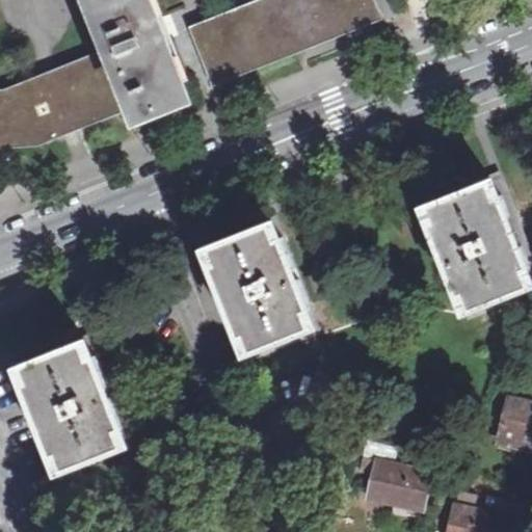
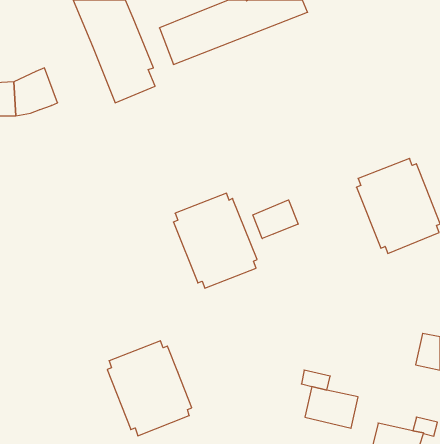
building: [52,56,128,124] -> none
building: none -> [253,200,298,239]
building: [20,350,121,463] -> [107,341,192,436]

